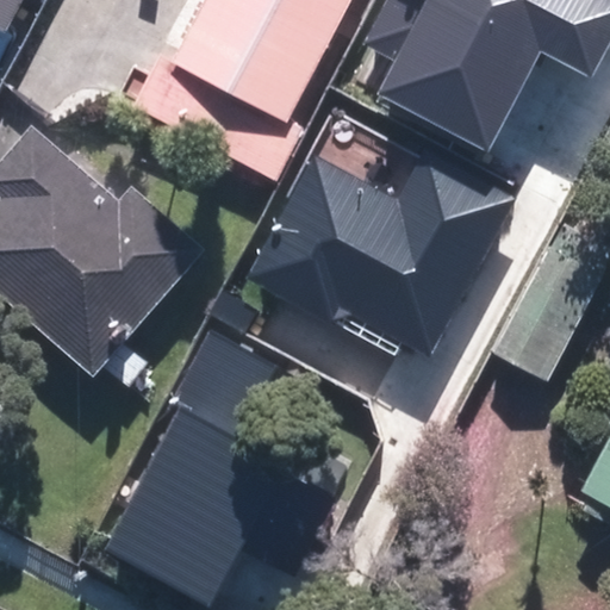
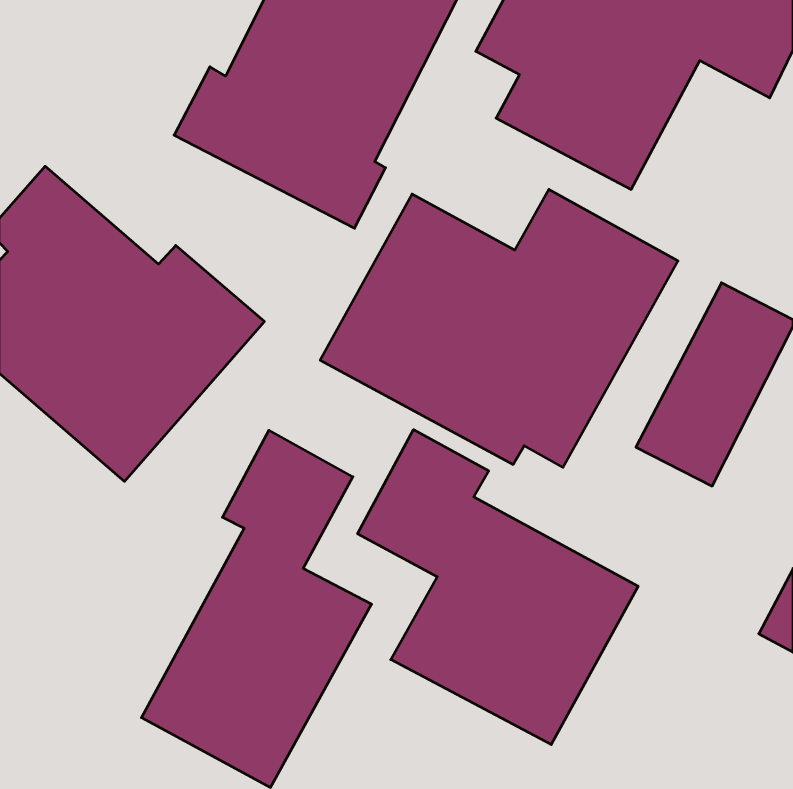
building: none -> [358,430,638,745]

